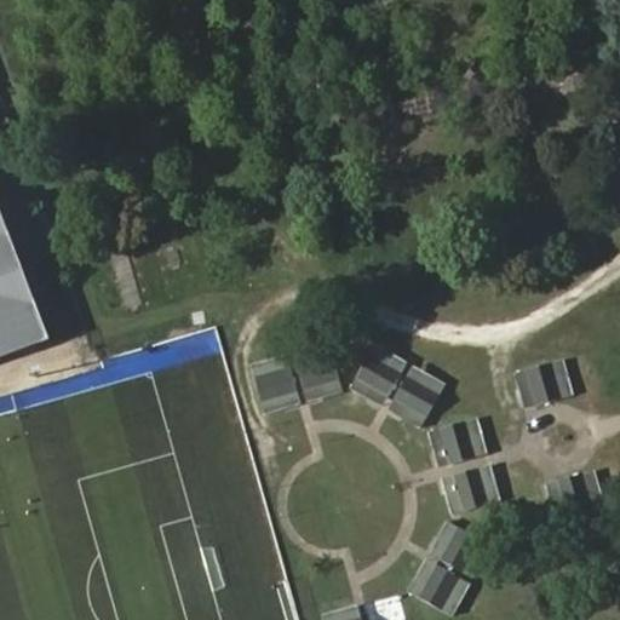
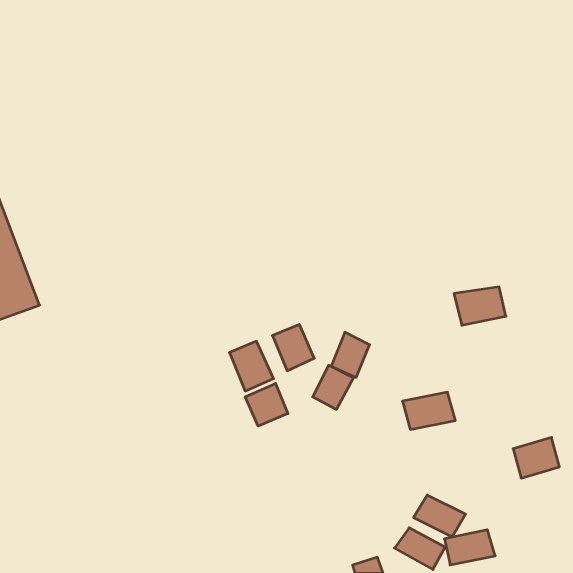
building: [517,361,573,402] -> [454,287,506,325]
building: [394,377,437,424] -> [313,365,353,409]
building: none -> [245,383,288,426]
building: [447,473,501,511] -> [444,530,495,565]

